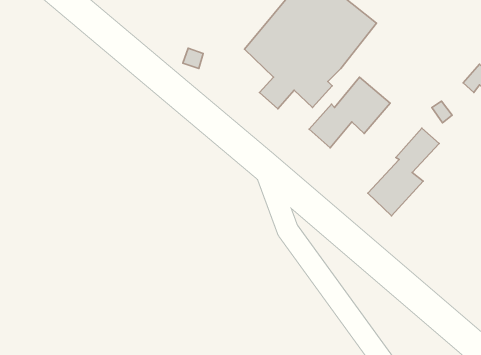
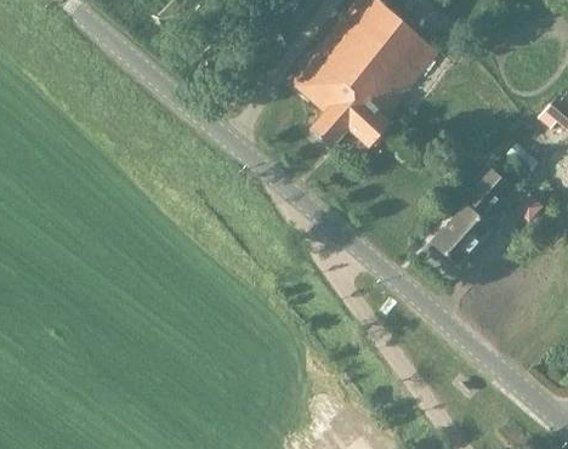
building: [309,77,390,148] -> none

